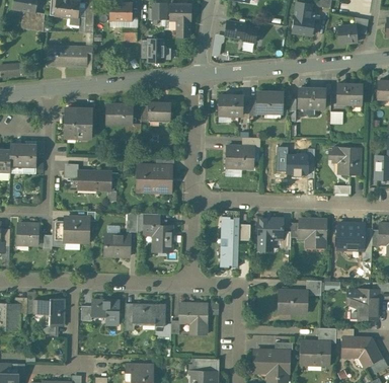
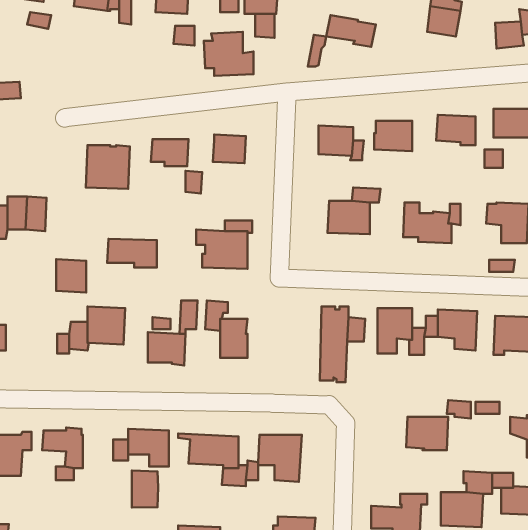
building: [48,47,86,66] -> none
building: [17,223,37,245] -> [56,259,86,292]
building: none -> [132,470,158,507]

